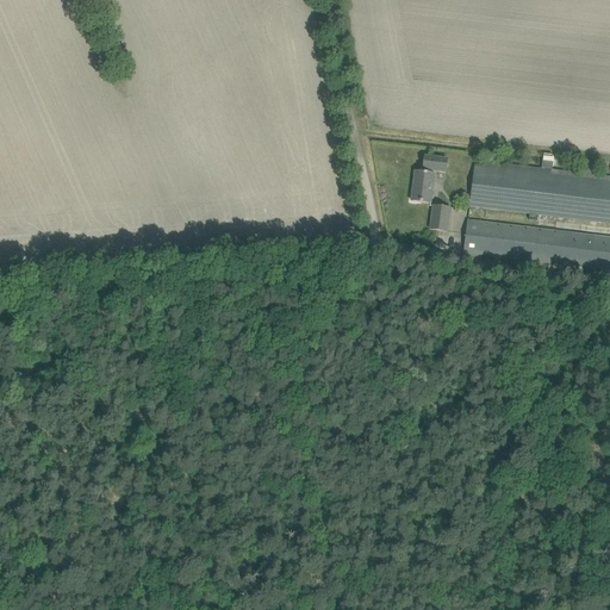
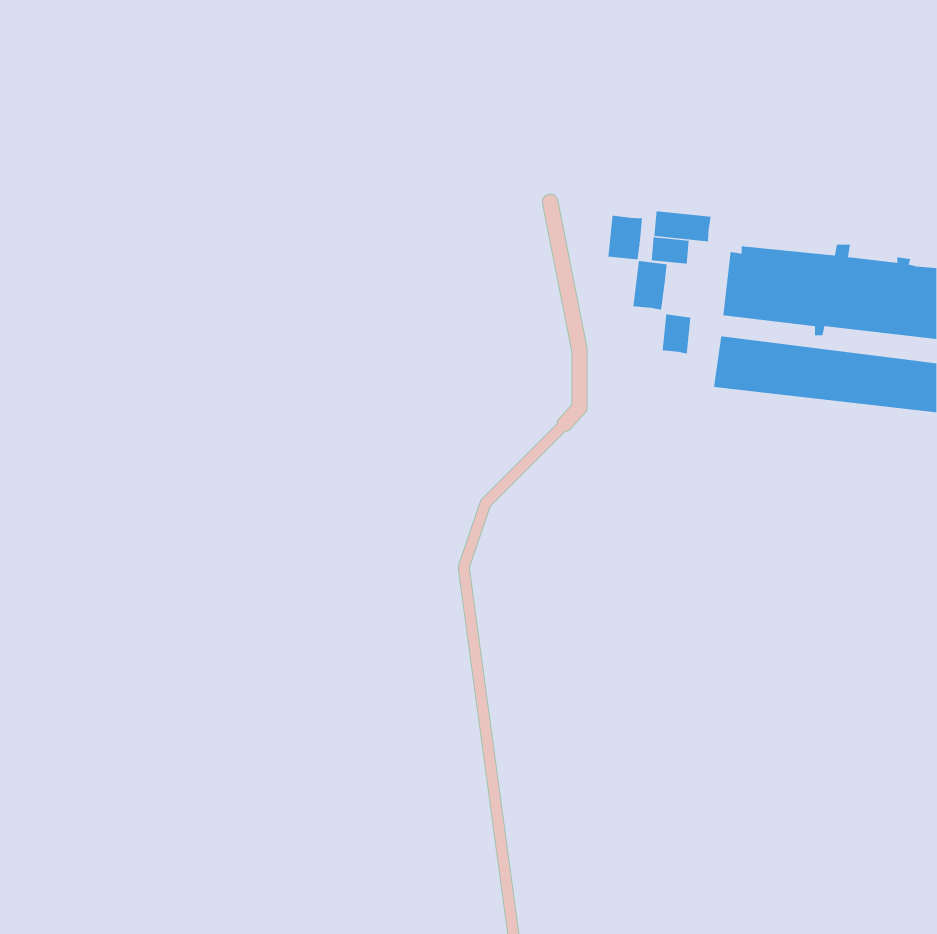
building: none -> [654,210,711,242]
building: none -> [608,215,642,260]

